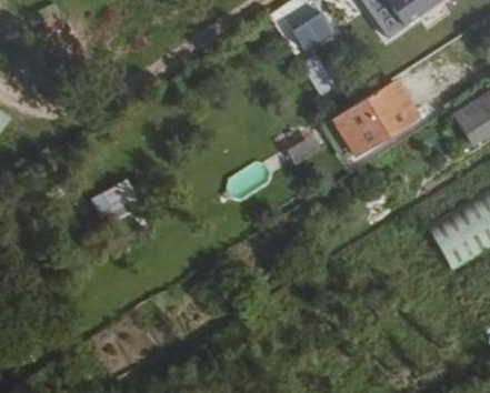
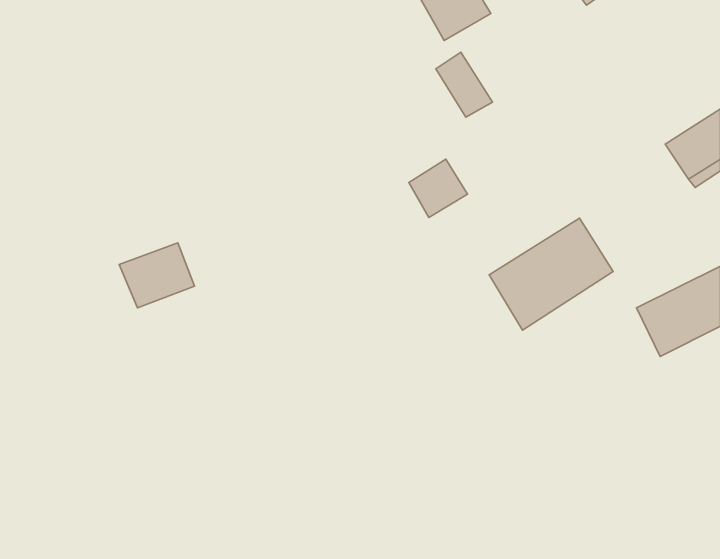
building: [338,81,420,155] -> [489,218,613,330]

